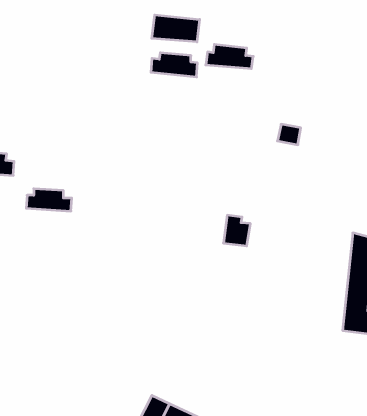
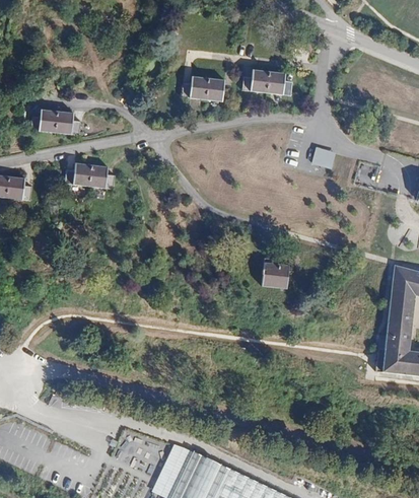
building: [152,15,200,42] -> none
building: none -> [22,110,74,133]
building: [26,189,72,211] -> [62,162,112,187]

